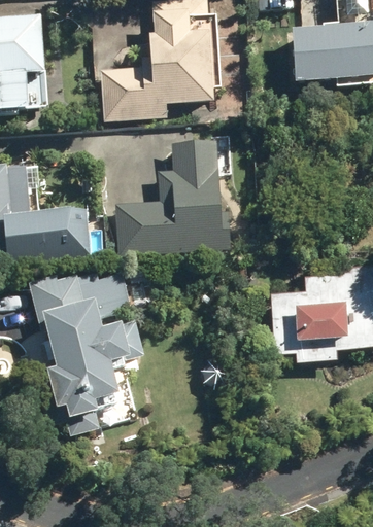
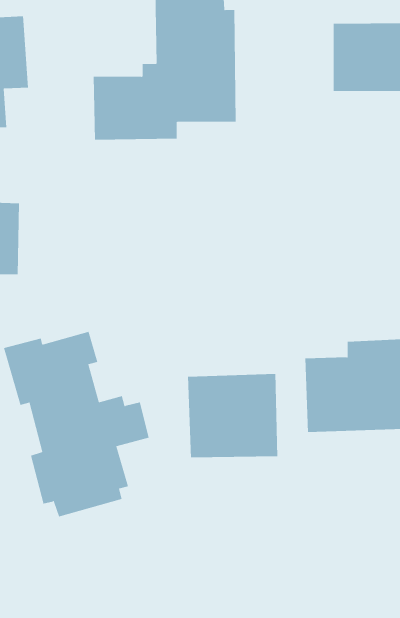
building: [113,137,230,252] -> none
building: [54,215,105,252] -> none
building: none -> [188,373,278,458]

